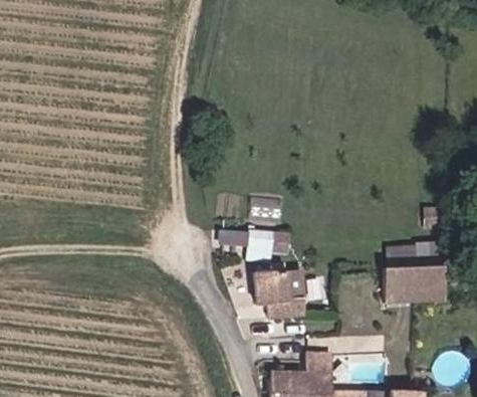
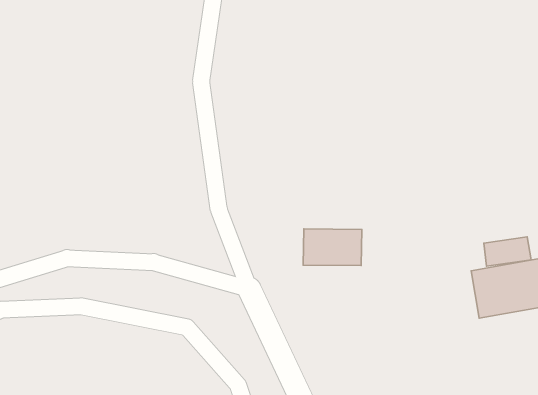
building: [257,271,304,322] -> none

